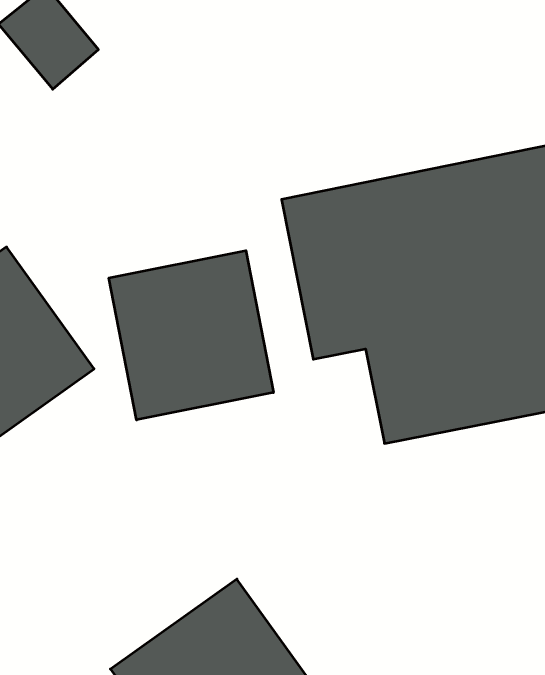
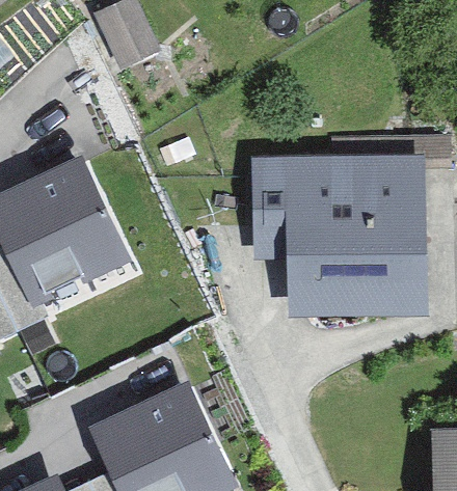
building: [109,251,273,420] -> none

